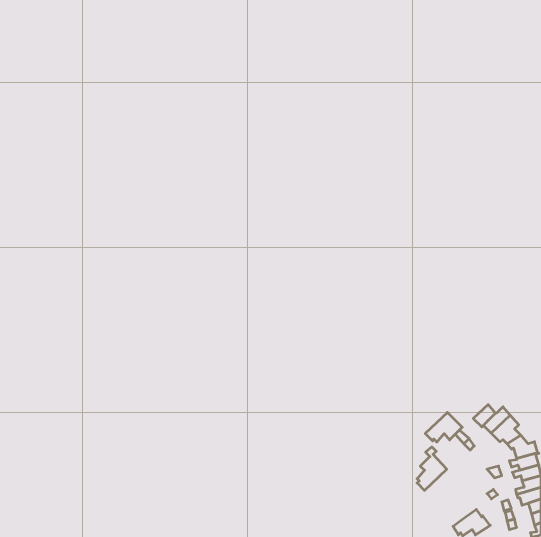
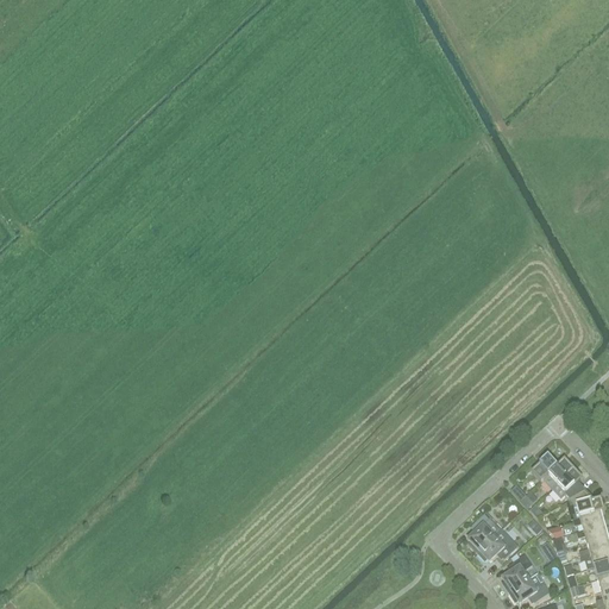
building: [425,412,462,442] -> [477,527,519,560]
building: none -> [502,552,535,591]

